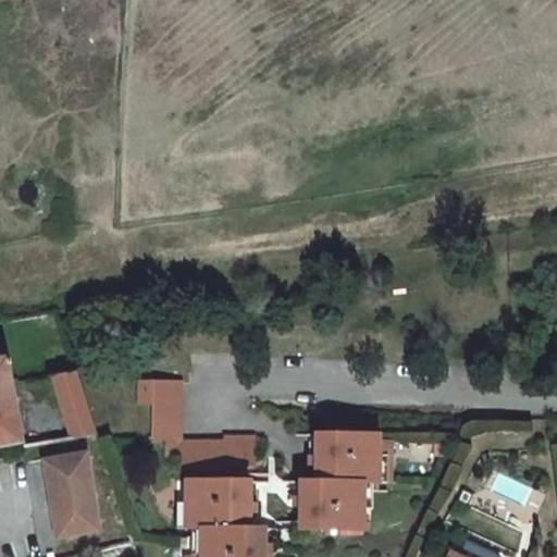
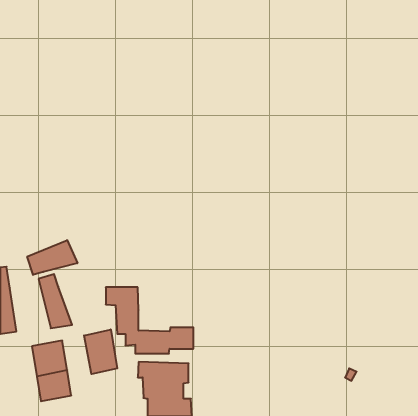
building: none -> [27,240,77,275]
building: [284,435,369,531] -> none
building: none -> [84,329,117,374]

